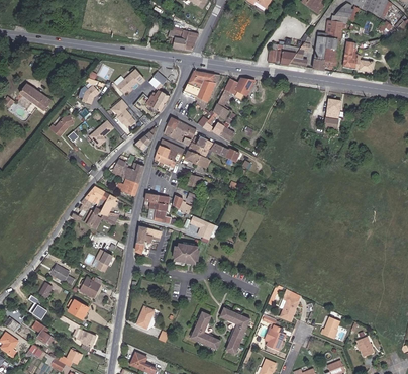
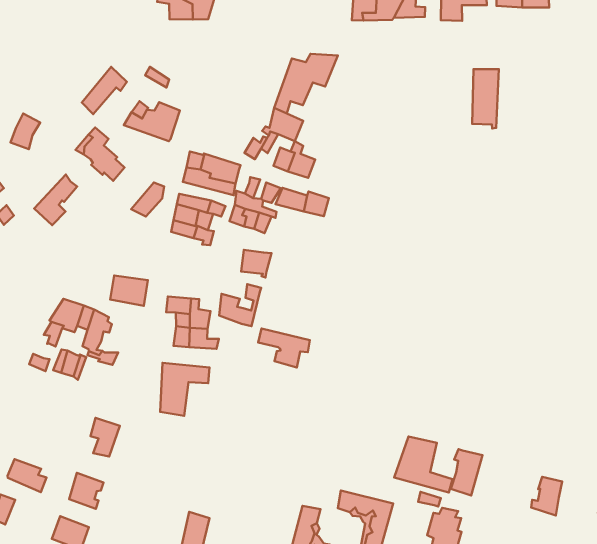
building: [184,70,217,109] -> none
building: [113,159,144,182] -> none
building: [175,243,200,265] -> none
building: none -> [394,437,453,493]

